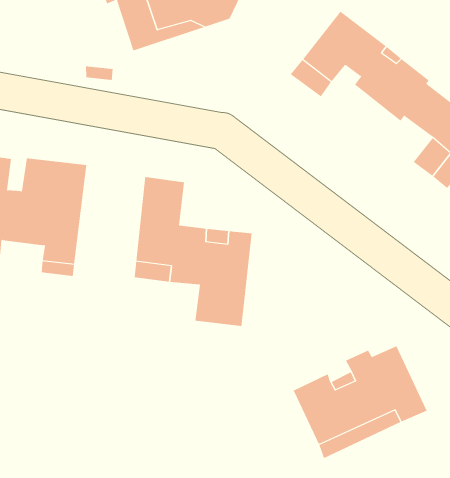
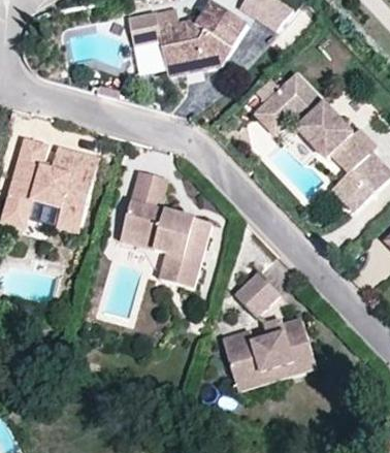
building: none -> [235,272,279,317]

